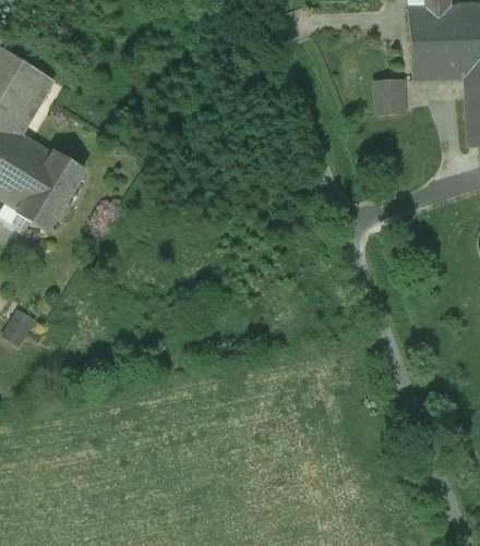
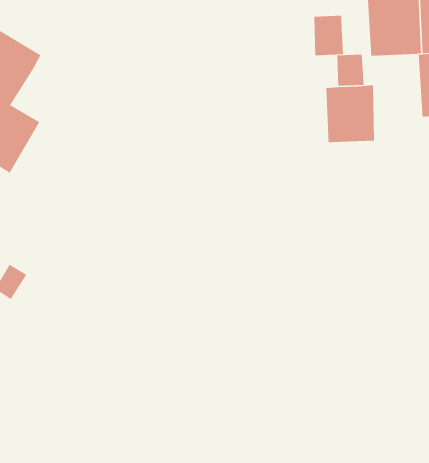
building: none -> [314,15,344,56]
building: none -> [326,84,375,143]
building: [19,150,84,228] -> none

